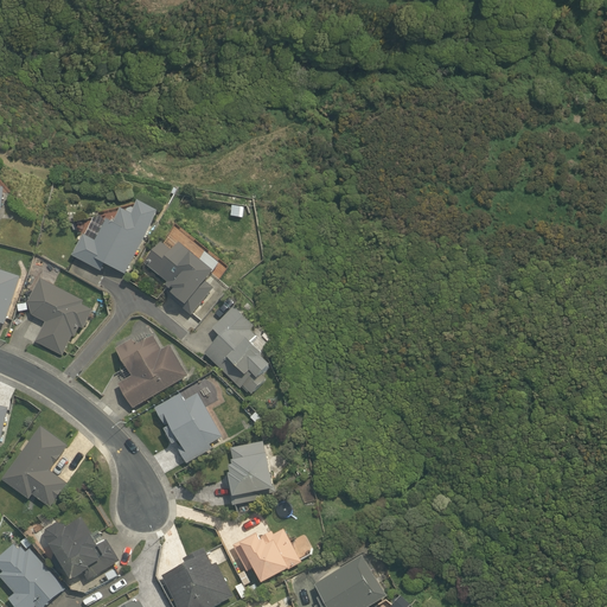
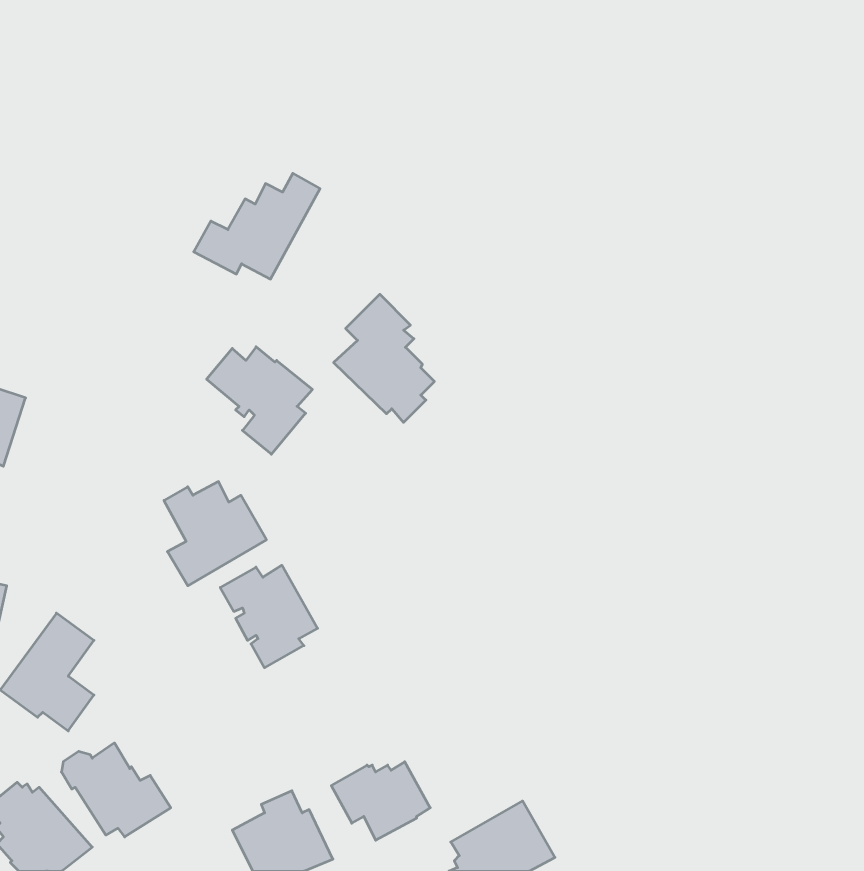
building: [69,200,156,274] -> [194,173,320,279]
building: [25,277,90,356] -> none
building: [200,305,270,394] -> [334,294,434,422]
building: [225,441,274,505] -> none

